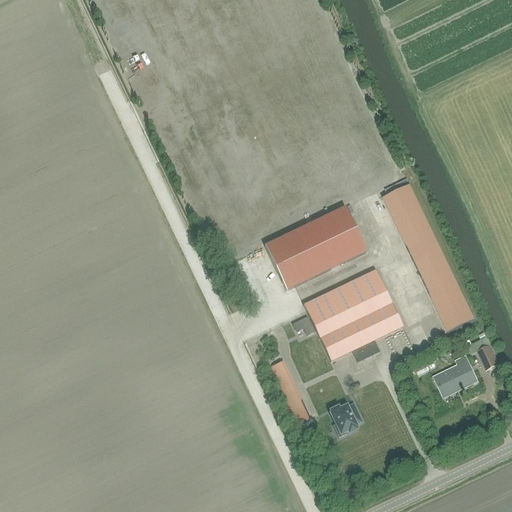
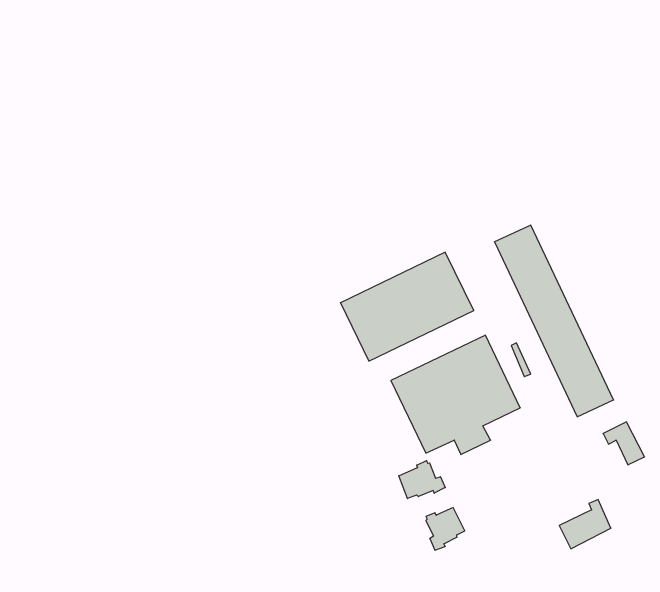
building: [435,357,475,395] -> [559,500,611,549]
building: none -> [399,461,445,499]

